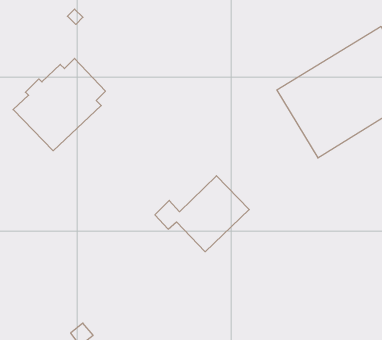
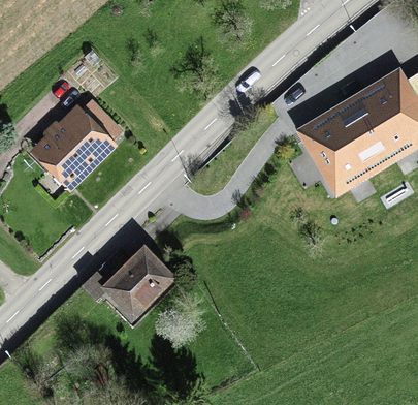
building: [155,176,249,252] -> [82,245,176,321]

